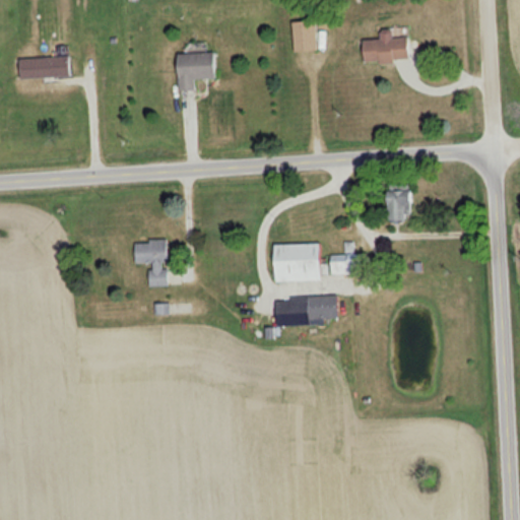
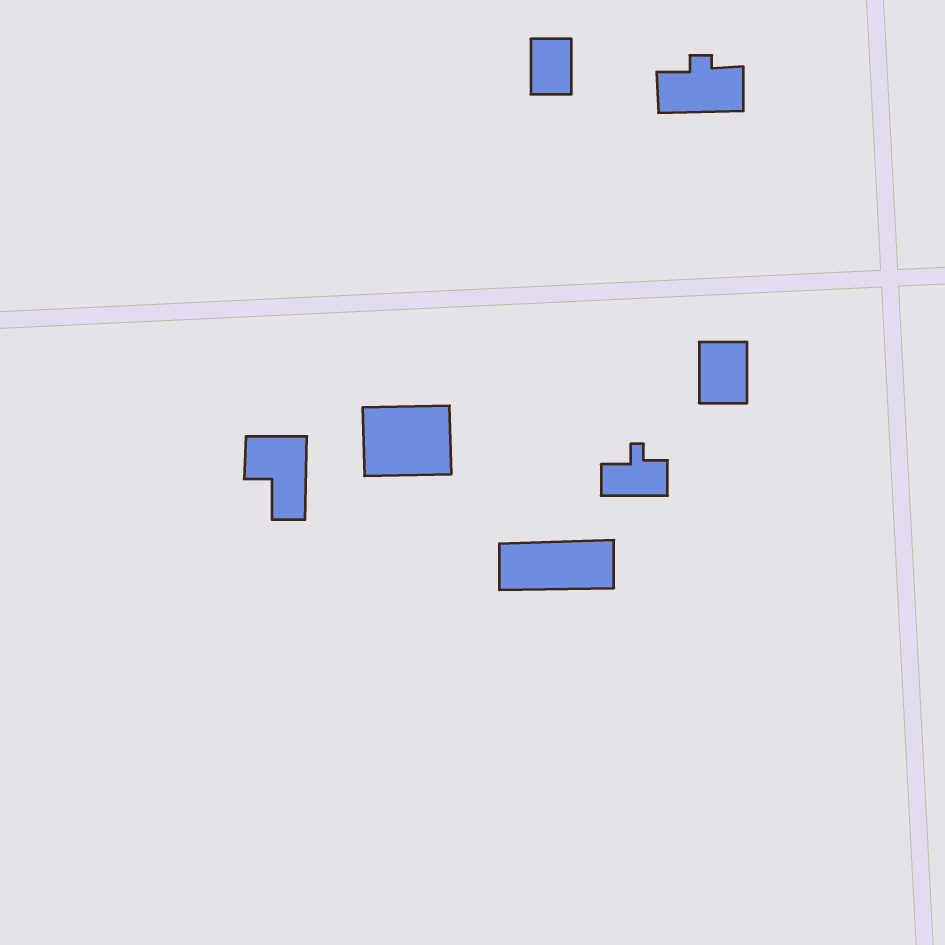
building: [175,53,215,90] -> none
building: [18,57,71,77] -> none
building: [272,243,321,281] -> [363,406,451,476]

